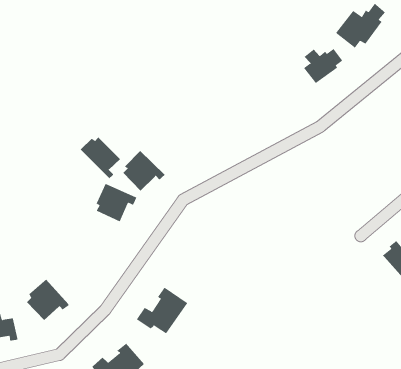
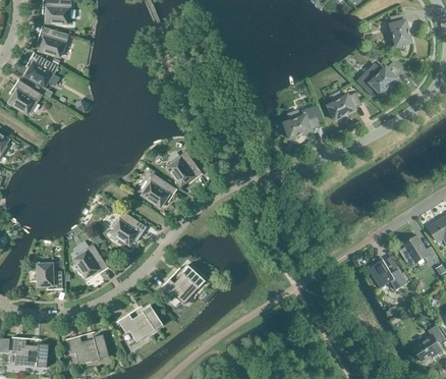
building: none -> [284,107,320,138]
building: [80,137,121,180] -> none
building: none -> [111,211,146,245]

